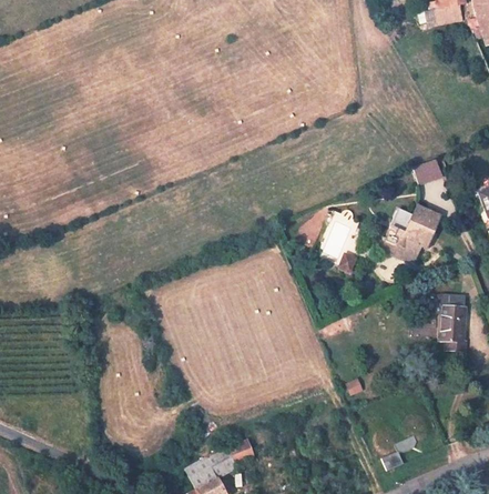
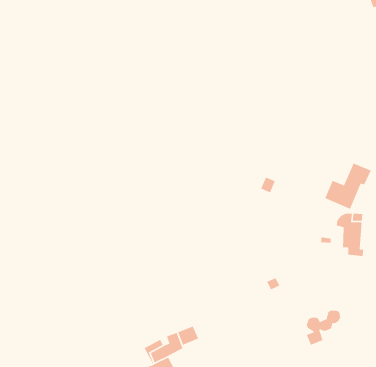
building: [412,158,444,184] -> none
building: [381,202,441,262] -> [324,162,372,210]

